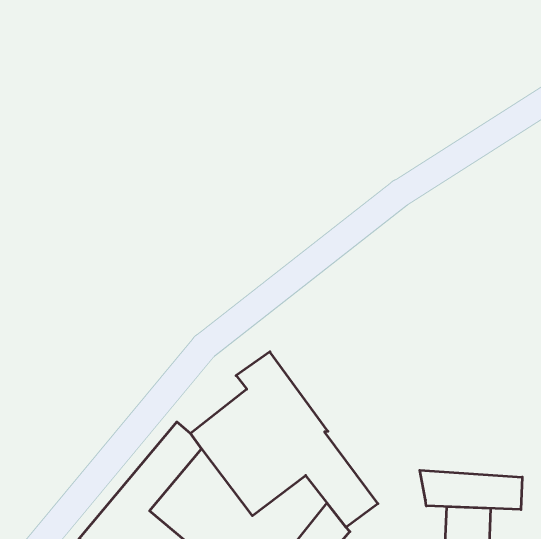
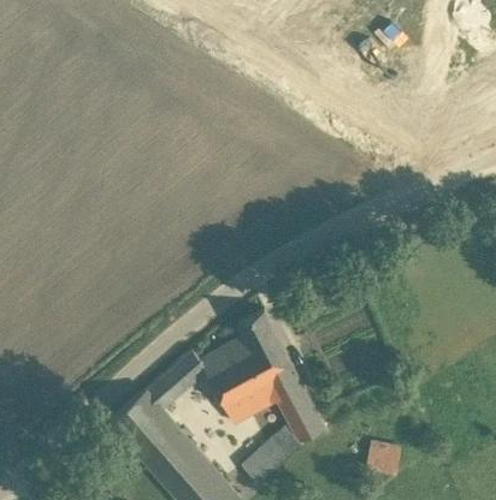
building: [420,470,522,510] -> none

